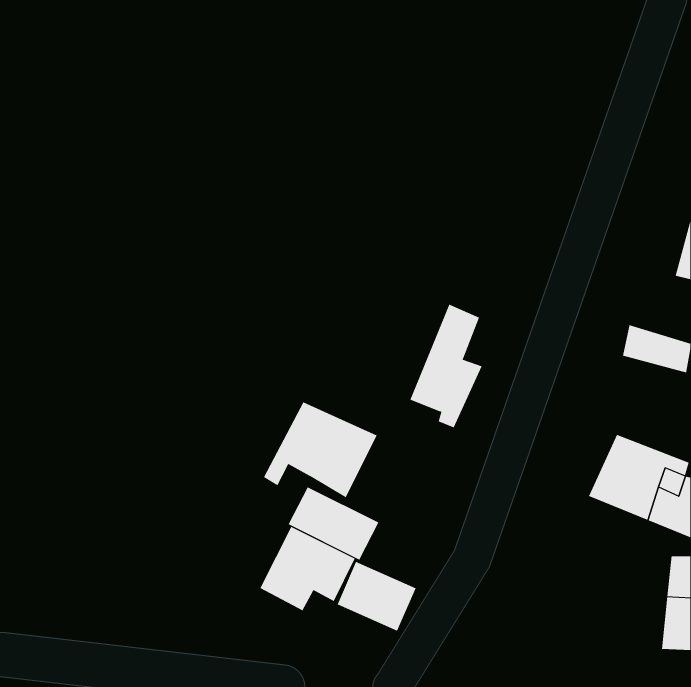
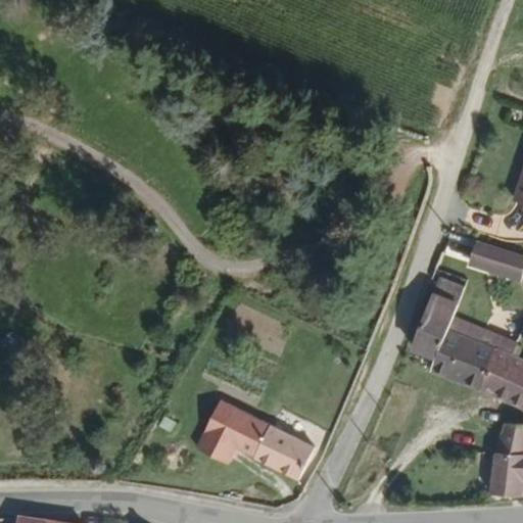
building: [410,304,483,428] -> [411,281,466,375]
building: [263,401,377,498] -> none
building: [288,486,379,561] -> none

